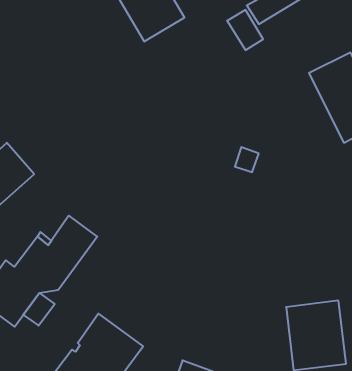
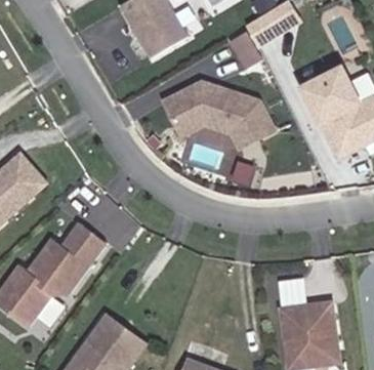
building: none -> [164,78,274,149]

